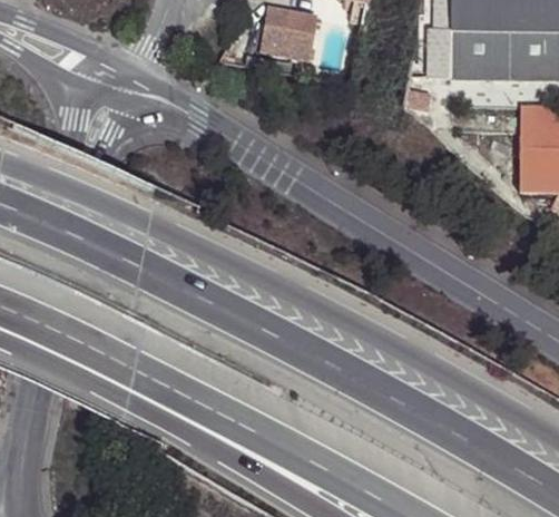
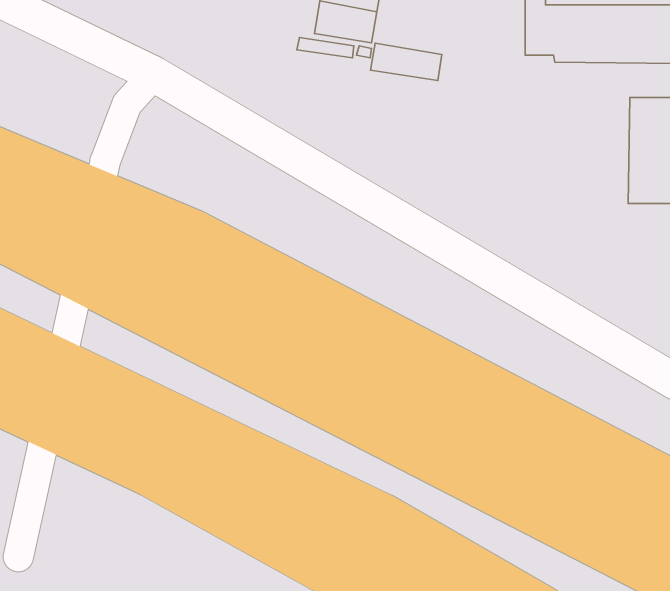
building: none -> [371,43,442,80]

